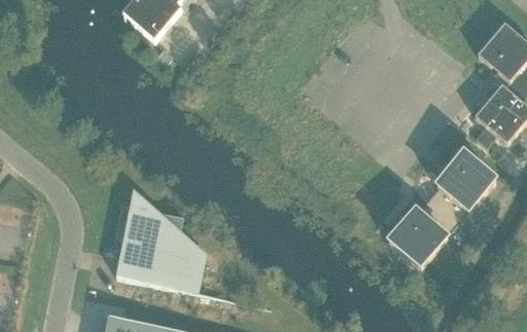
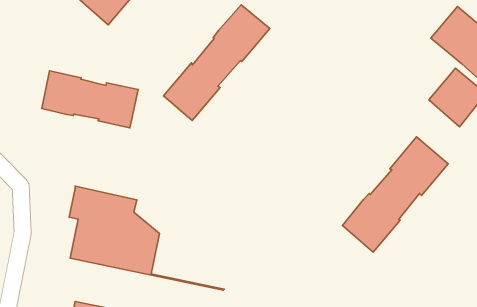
building: none -> [163,5,270,120]
building: none -> [42,71,138,128]

